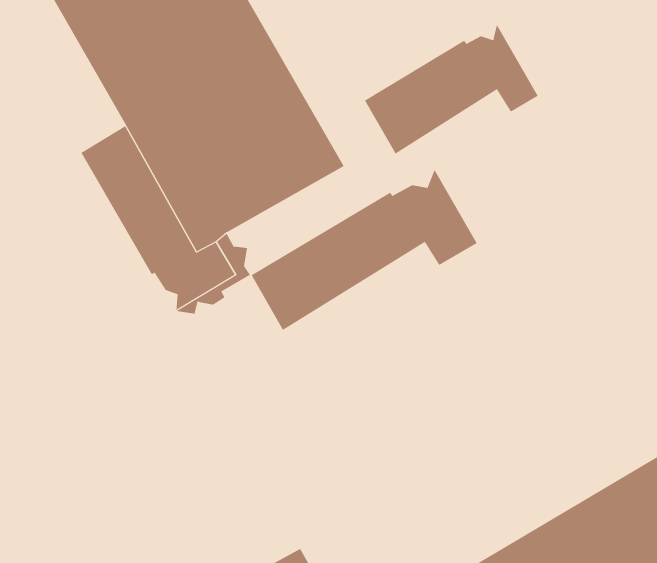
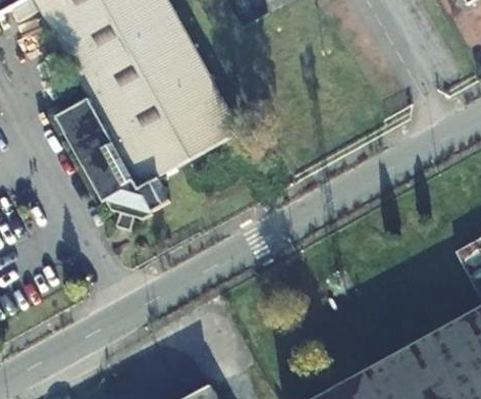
building: [364,24,538,155] -> none
building: [251,169,477,331] -> none

